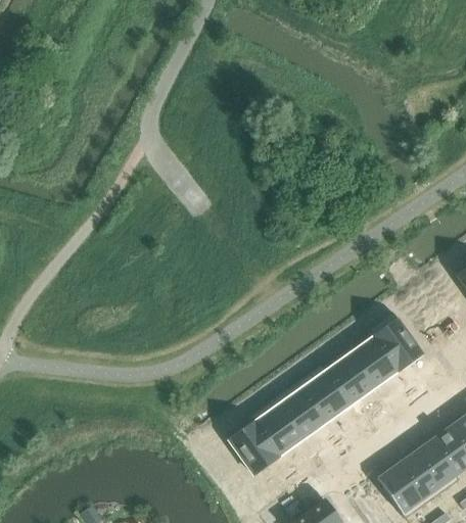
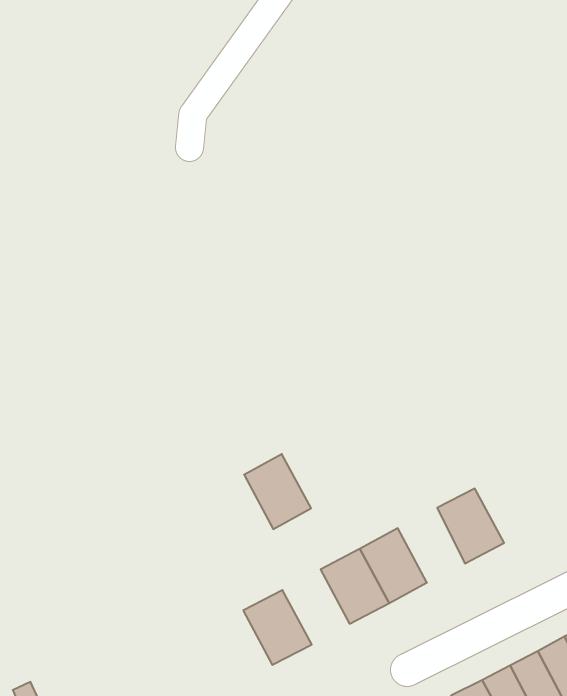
building: [374,318,423,370] -> none
building: [326,352,374,403] -> none
building: [254,405,302,456] -> [244,454,311,529]

